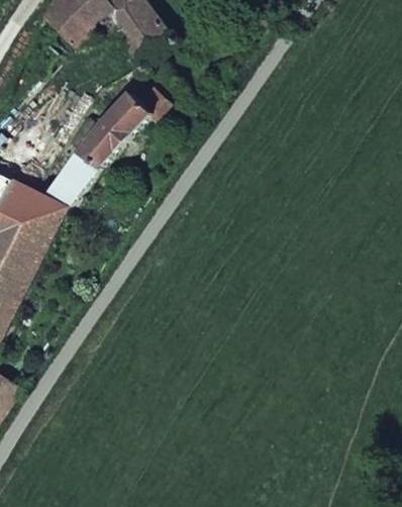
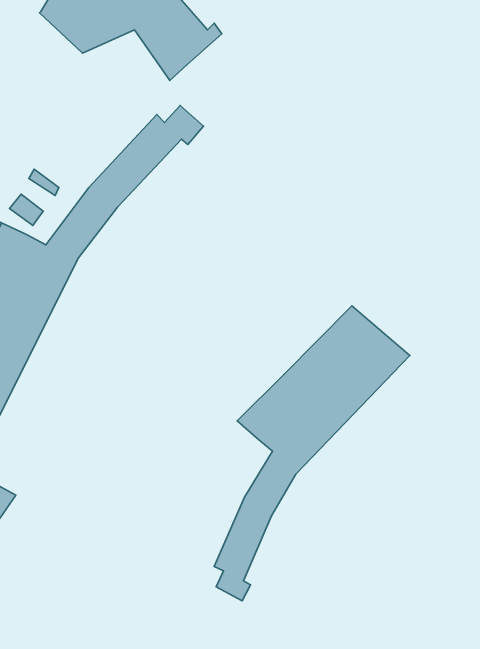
building: none -> [214,306,410,601]

